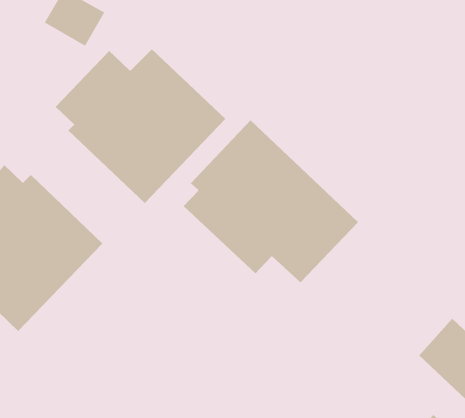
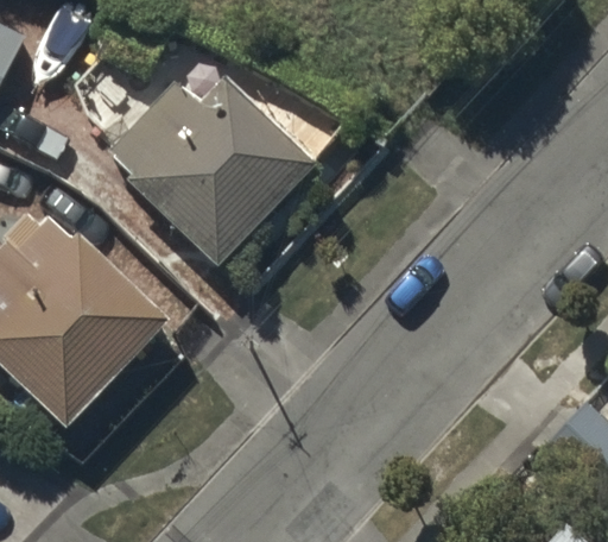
building: [183,120,359,283] -> none

